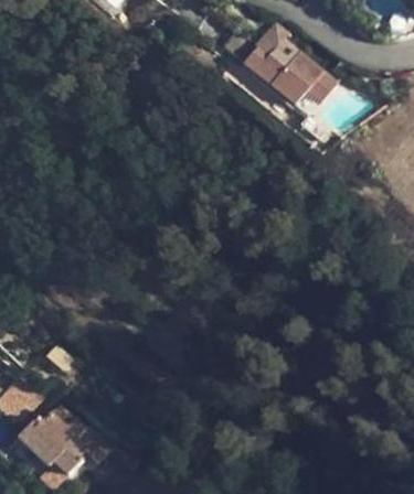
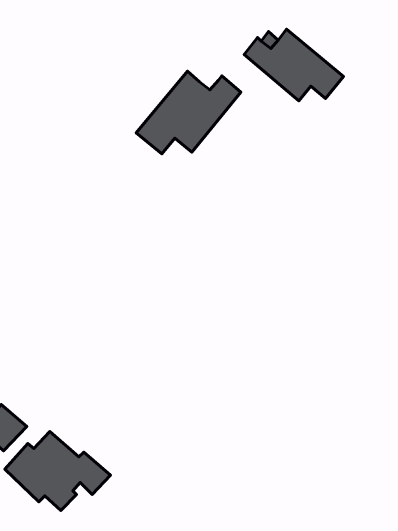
building: none -> [136,71,241,154]

